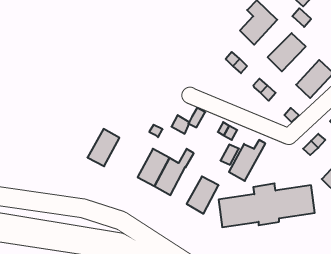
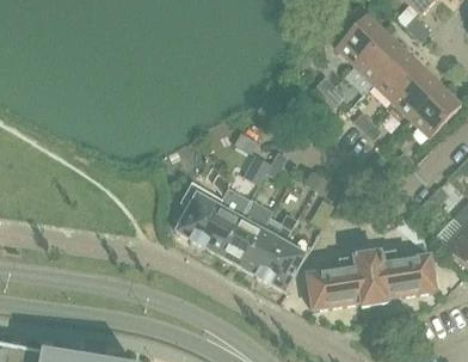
building: none -> [353,27,404,78]
building: none -> [390,63,441,115]
building: [87,129,119,166] -> [174,189,217,239]
building: [229,140,265,181] -> [241,220,290,275]

